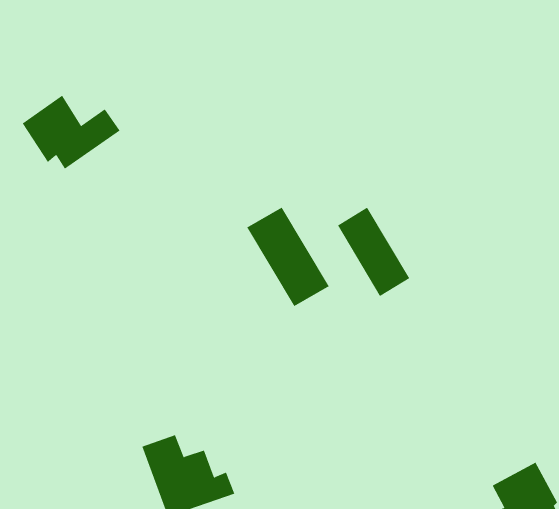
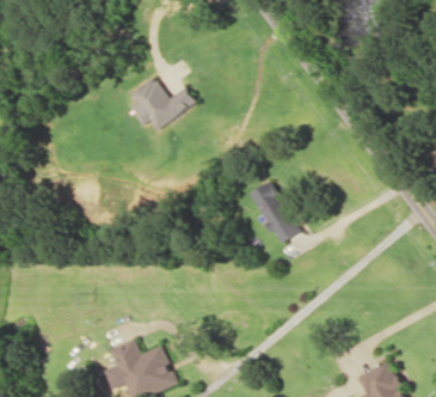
building: [22,95,120,169] -> [127,77,196,129]
building: [247,207,329,307] -> none

